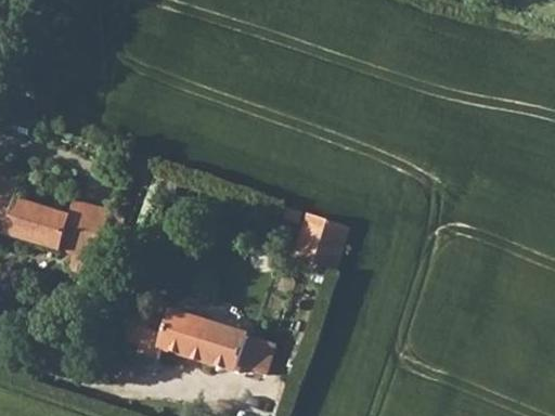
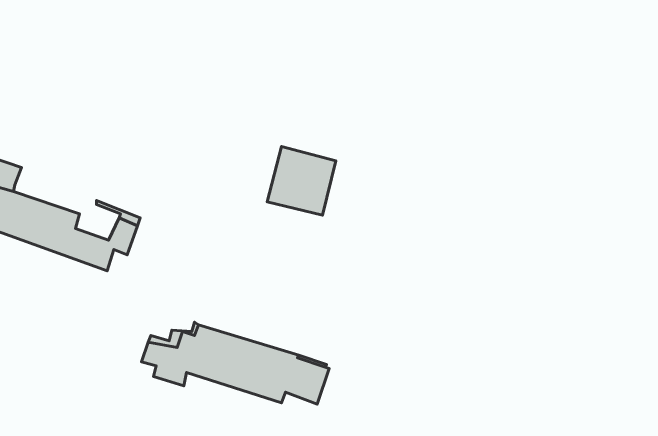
building: [292,209,348,265] -> [267,146,336,215]

